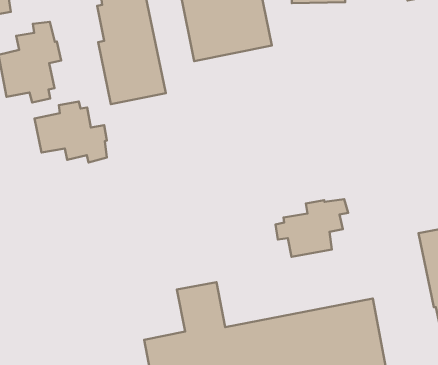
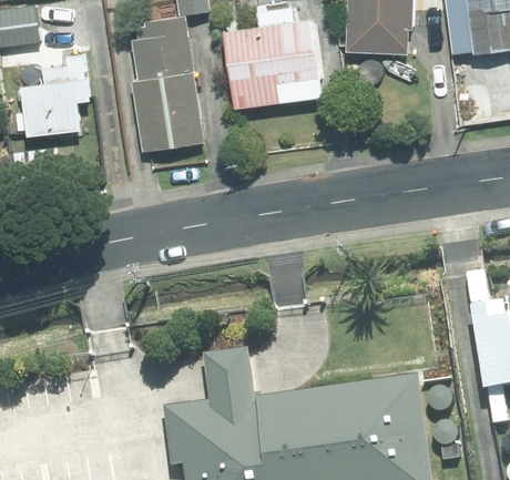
building: [35,101,107,162] -> none
building: [276,199,348,257] -> none

